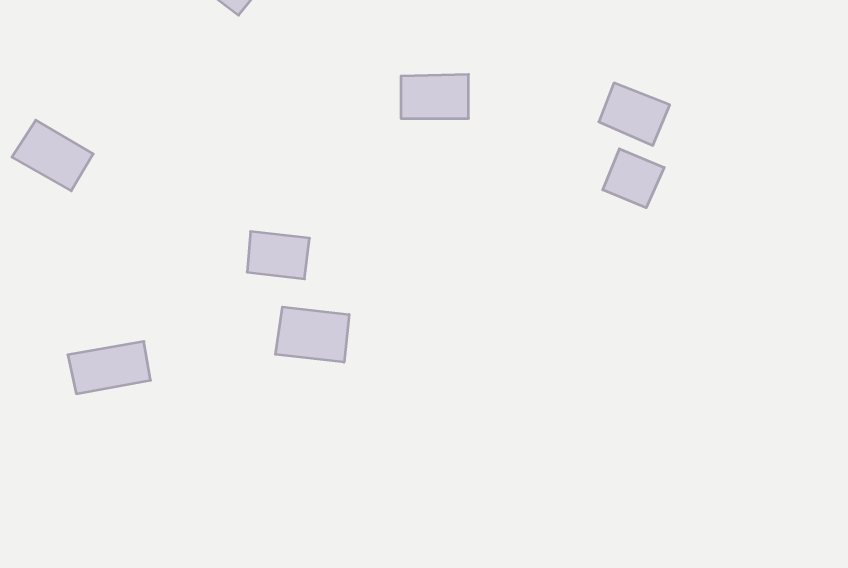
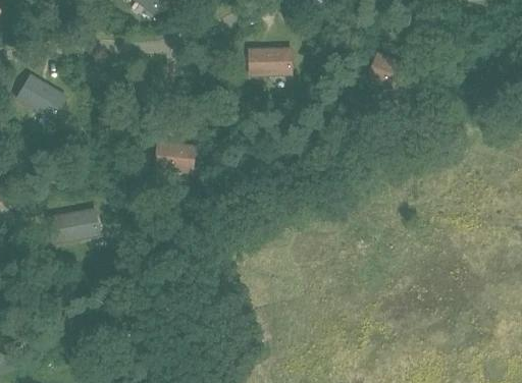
building: [603,149,664,208] -> none
building: [275,307,349,362] -> none

